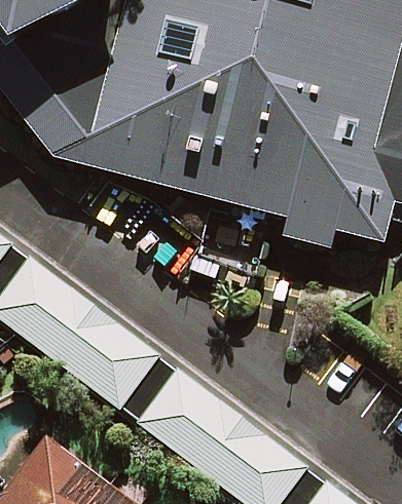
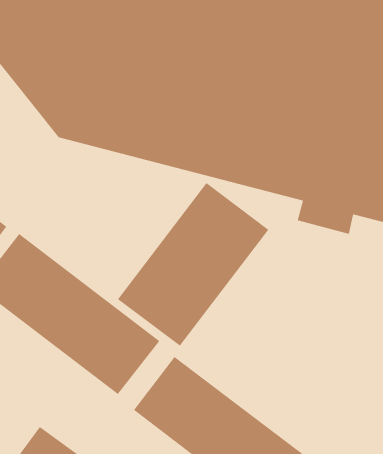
building: none -> [117,182,269,347]

